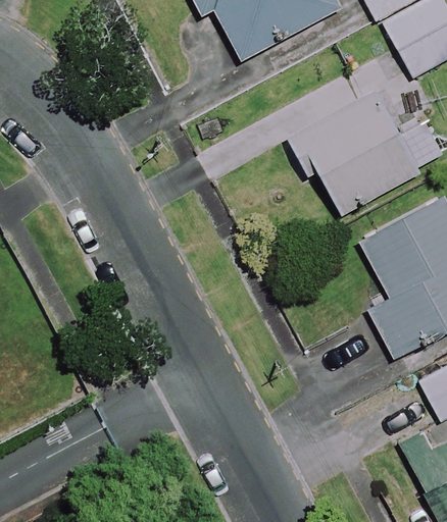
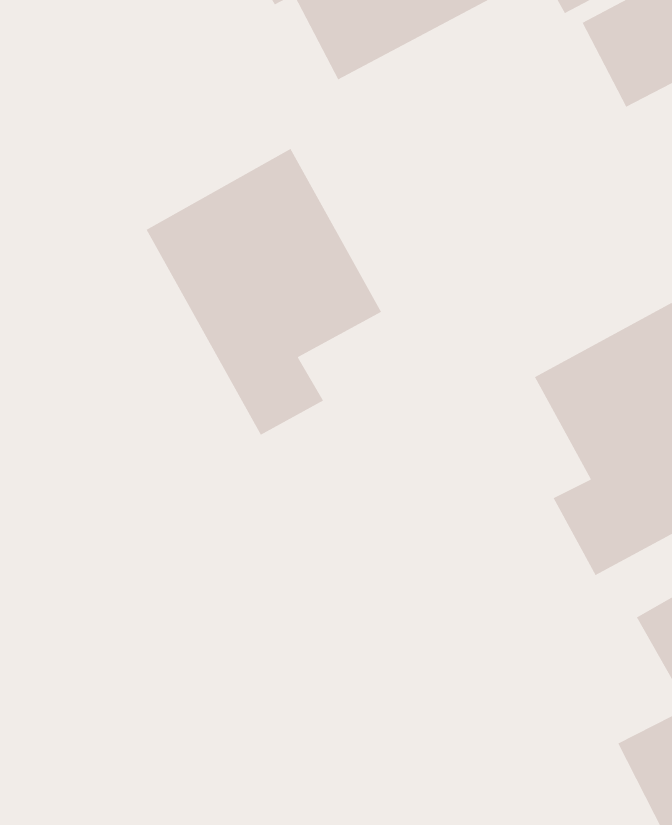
building: [297,96,414,214] -> none
building: none -> [145,148,382,436]

